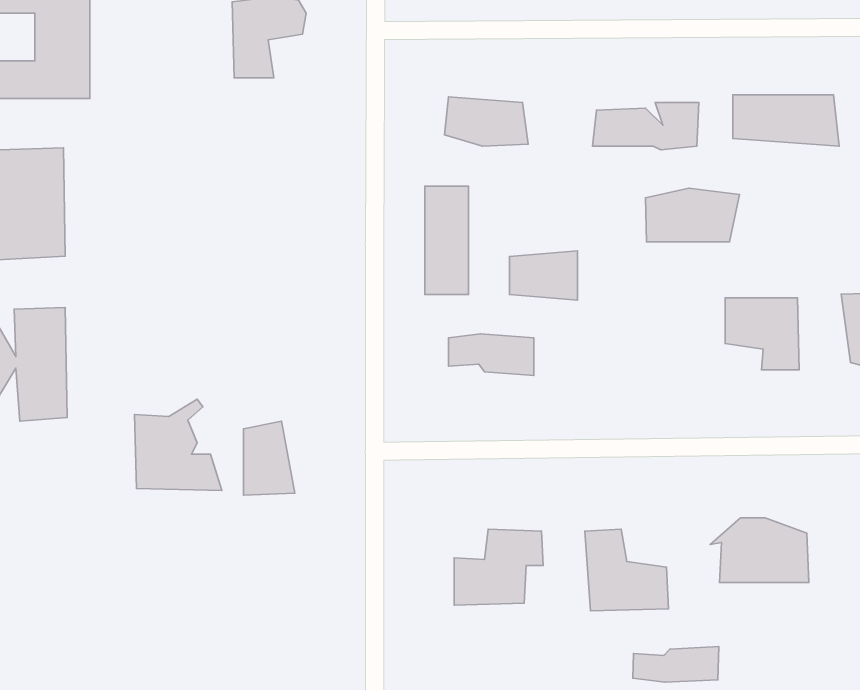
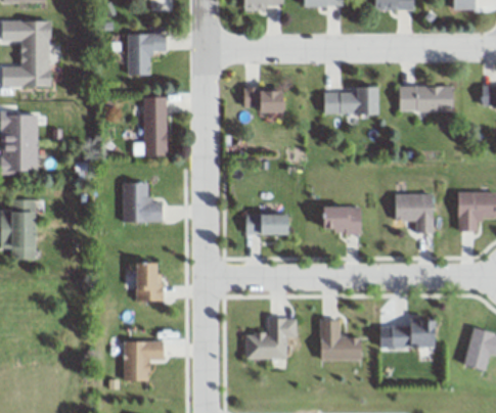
building: [425,186,468,294] -> [143,97,167,155]
building: [646,188,739,242] -> none
building: [509,251,578,300] -> [325,206,362,233]
building: [135,399,222,490] -> [119,174,166,223]
building: none -> [122,342,165,386]
building: [633,647,719,682] -> none

